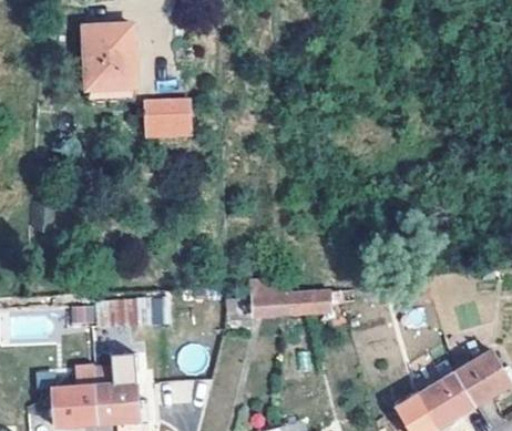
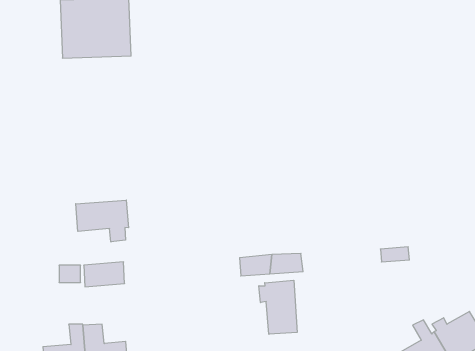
building: [141,96,191,137] -> none
building: none -> [76,200,128,242]
building: none -> [259,280,297,334]

